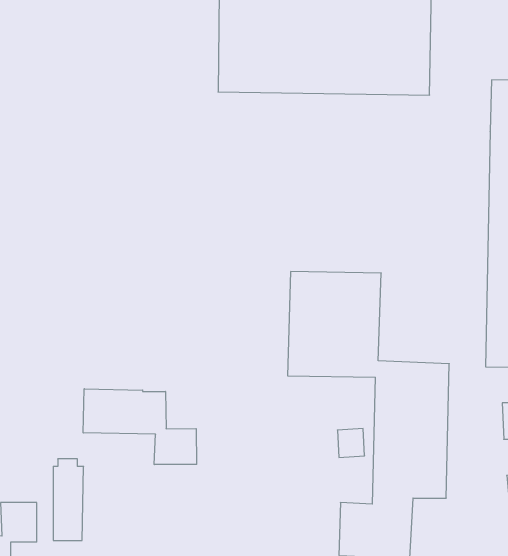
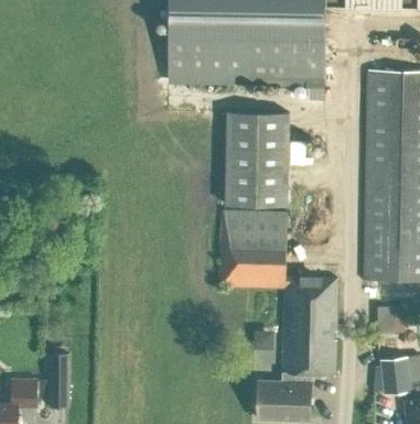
building: none -> [225,112,288,205]
building: [83,389,197,465] -> none

